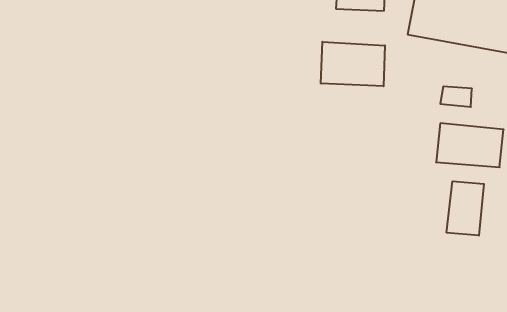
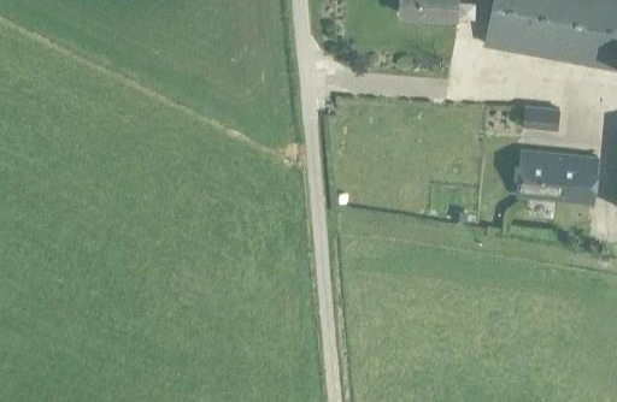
building: [321,42,385,86] -> none
building: [447,181,484,236] -> none

